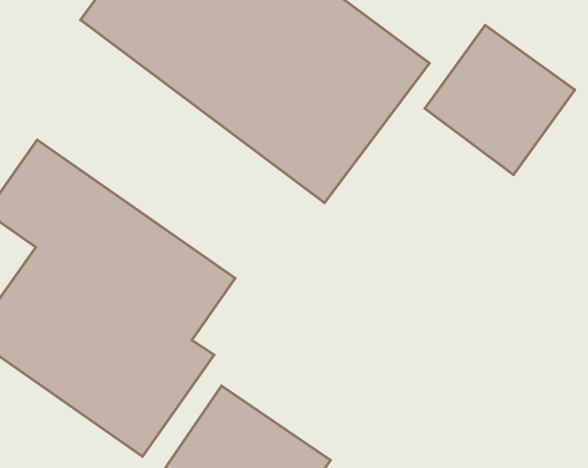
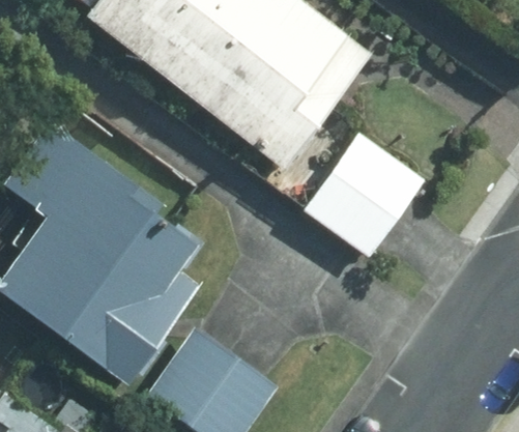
building: [425,25,575,175] -> none
building: none -> [308,144,425,249]

